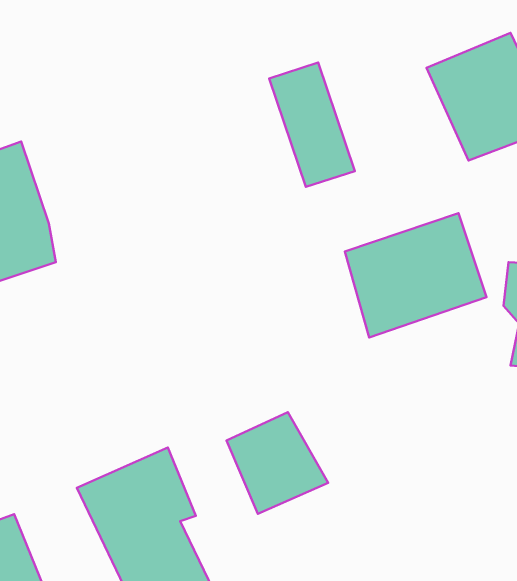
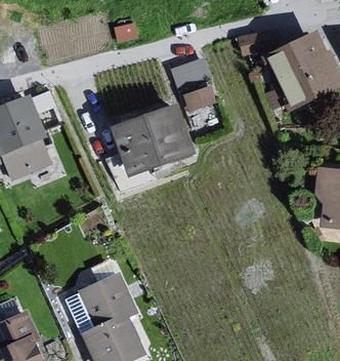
building: [345,213,486,337] -> [112,104,195,176]
building: [227,412,328,514] -> none

